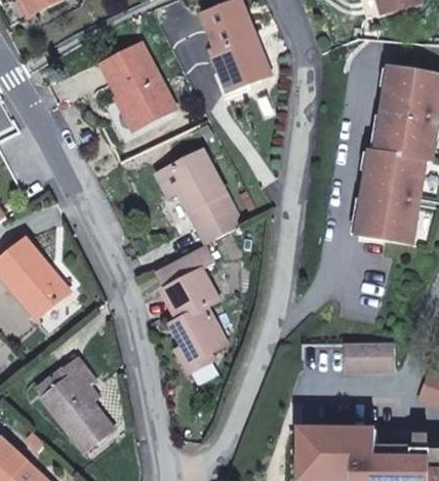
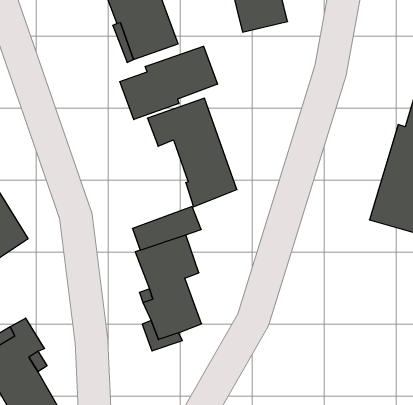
building: none -> [120,46,217,120]
building: [343,340,394,370] -> none

